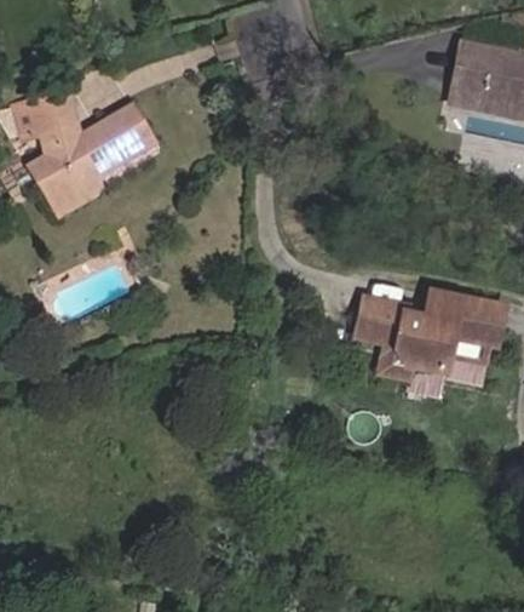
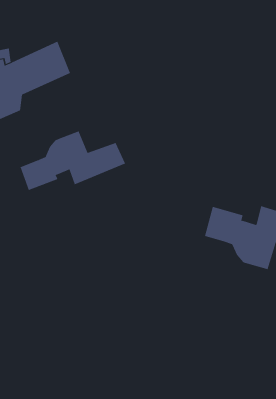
building: none -> [20,130,126,191]

